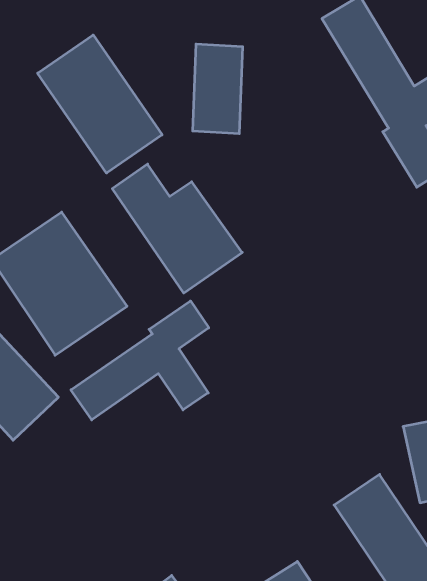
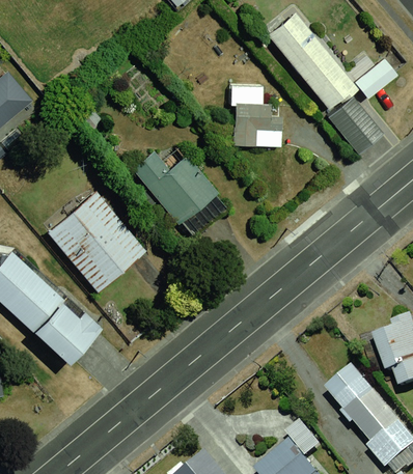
building: [38,35,162,173] -> none
building: [193,44,243,134] -> [230,84,269,150]
building: [71,301,209,420] -> none

